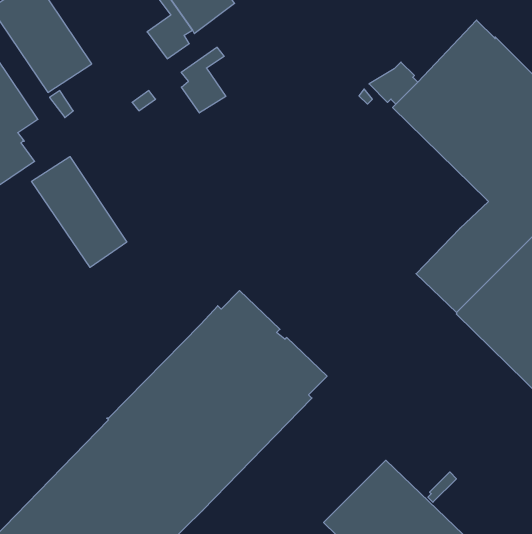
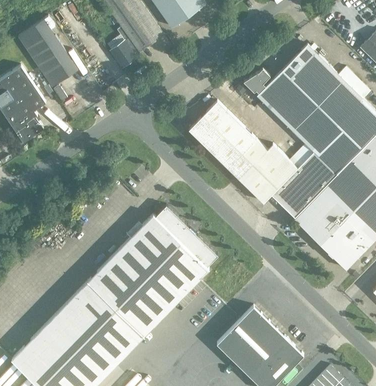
building: [181,47,226,113] -> none
building: none -> [188,101,296,203]
building: [32,157,127,267] -> none

